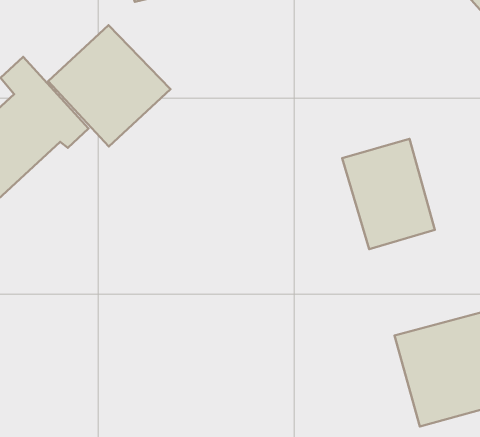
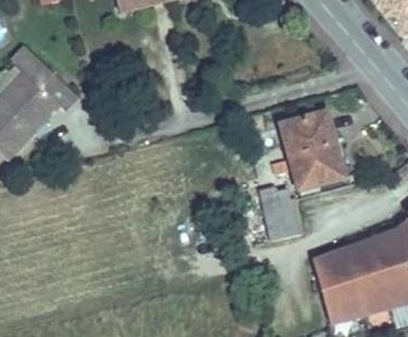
building: [48,25,170,147] -> none
building: none -> [264,189,292,234]

